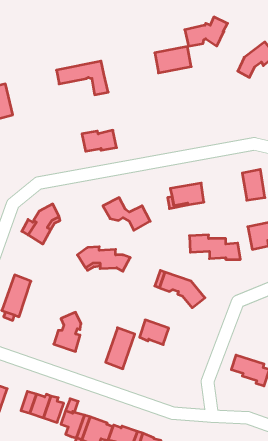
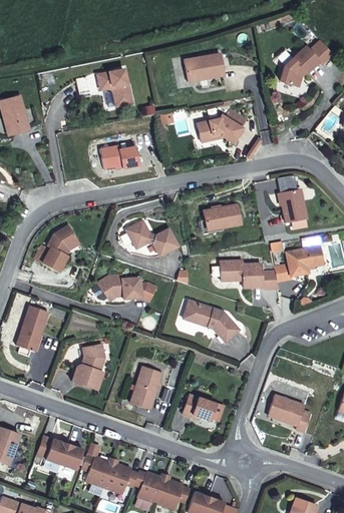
building: [185,17,228,46] -> [196,113,243,145]
building: [140,320,169,345] -> [184,395,216,422]

